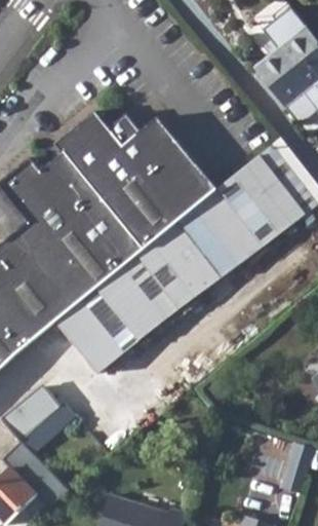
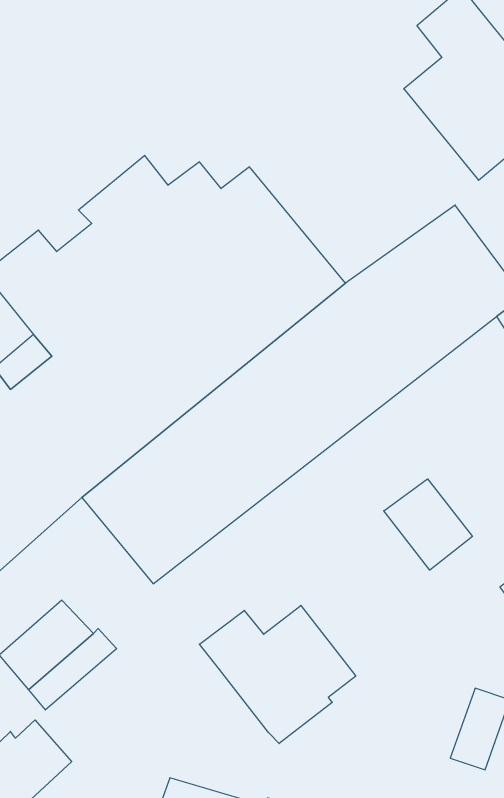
building: none -> [384,479,472,570]
building: none -> [199,605,356,744]

